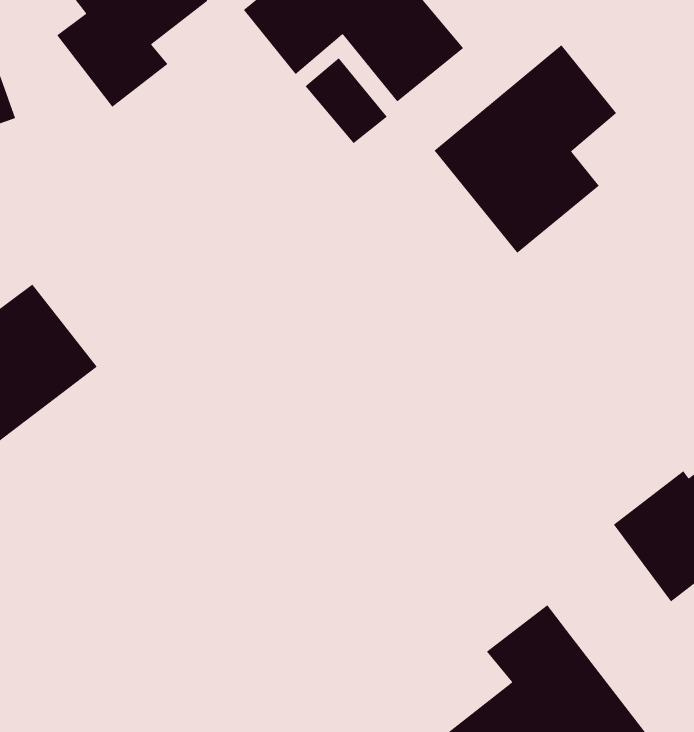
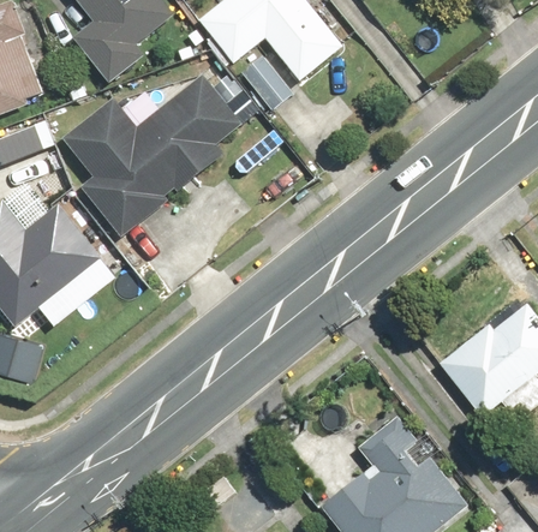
building: [434,44,617,254] -> none
building: none -> [65,72,246,232]

